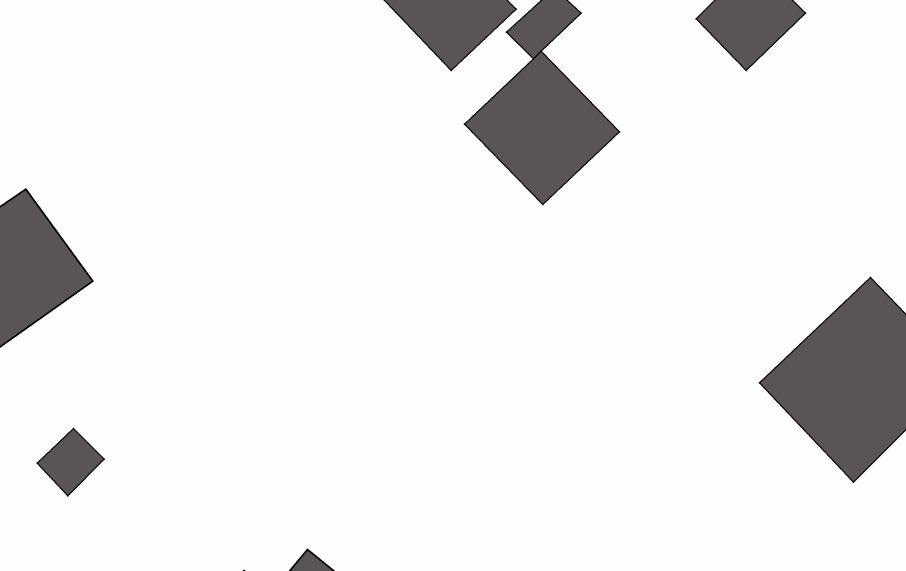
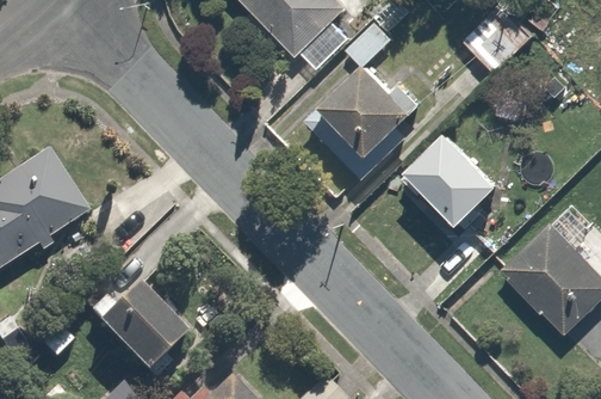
building: none -> [405,130,502,228]
building: none -> [94,284,188,377]

